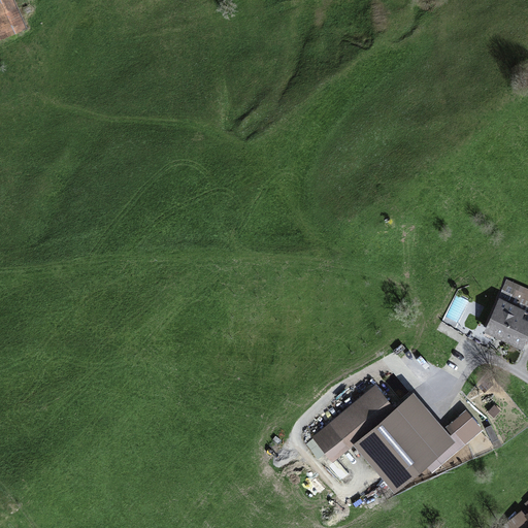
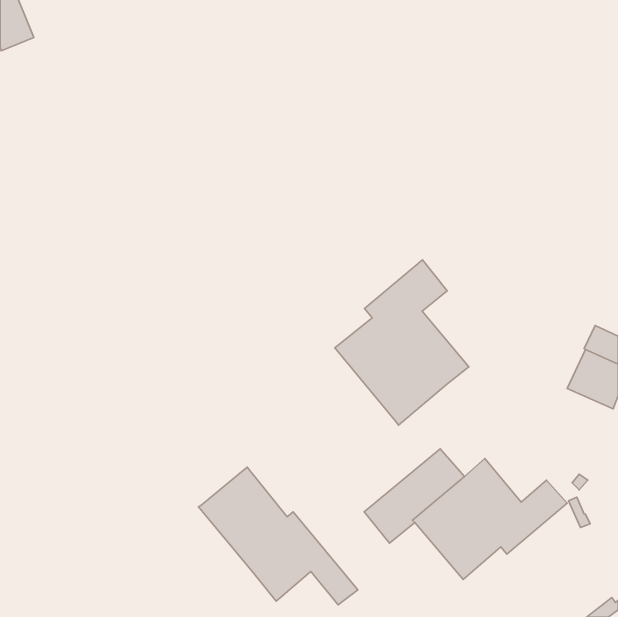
building: none -> [335,260,469,425]
building: none -> [198,467,358,605]

